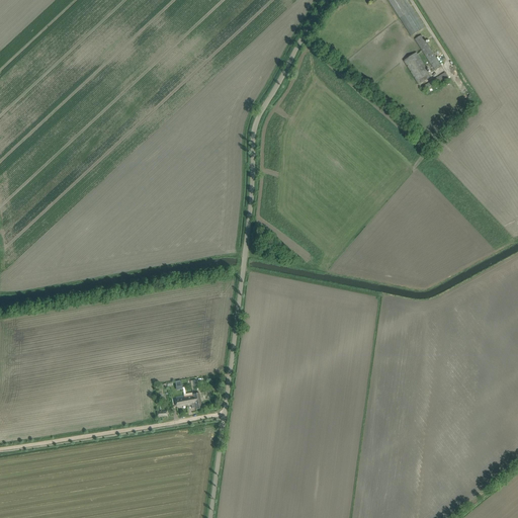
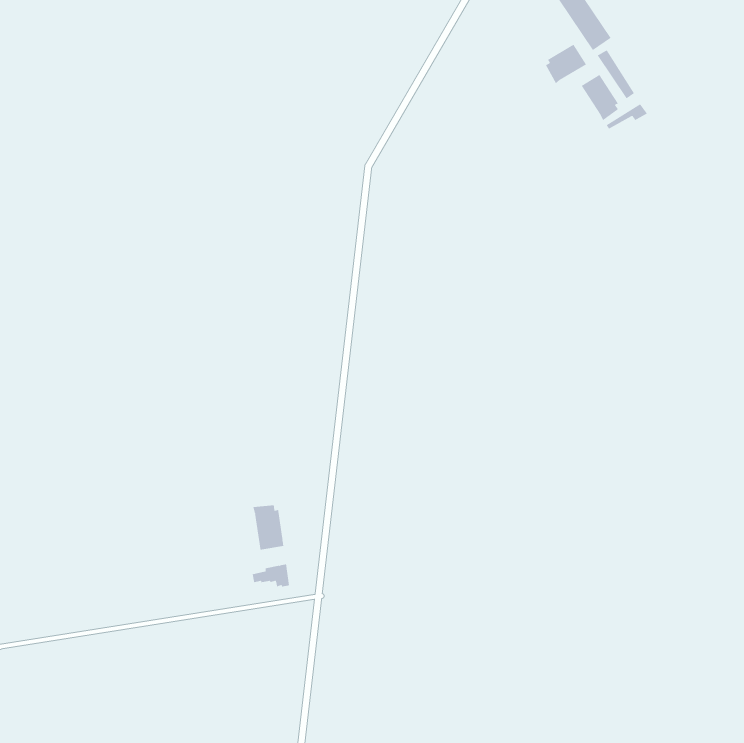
building: none -> [545,44,587,84]
building: none -> [253,504,284,551]

